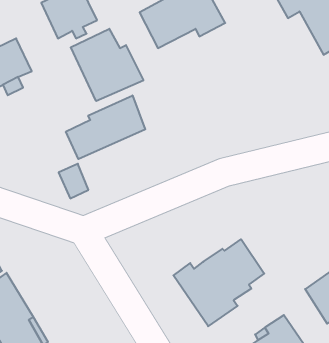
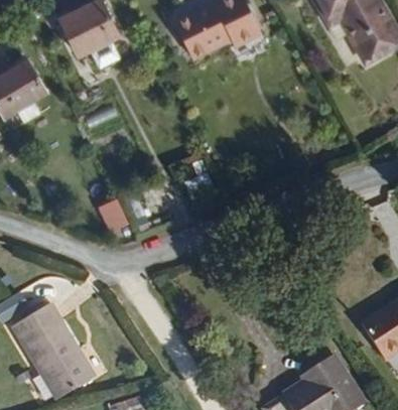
building: [71,29,143,101] -> none
building: [66,95,145,159] -> none
building: [173,239,264,326] -> none

